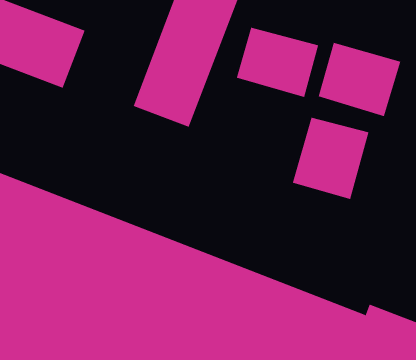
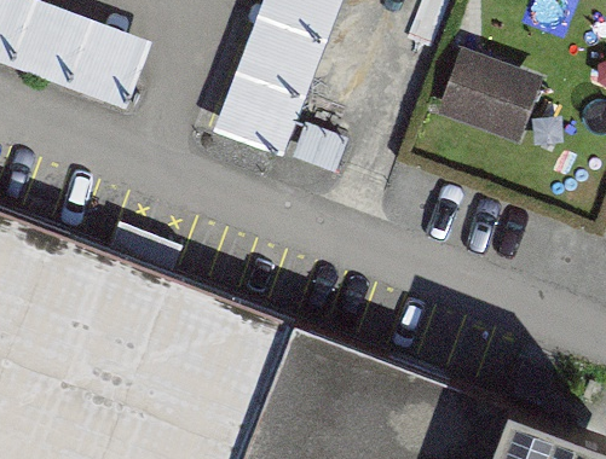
building: [236,27,319,98] -> none
building: [292,117,369,200] -> none

